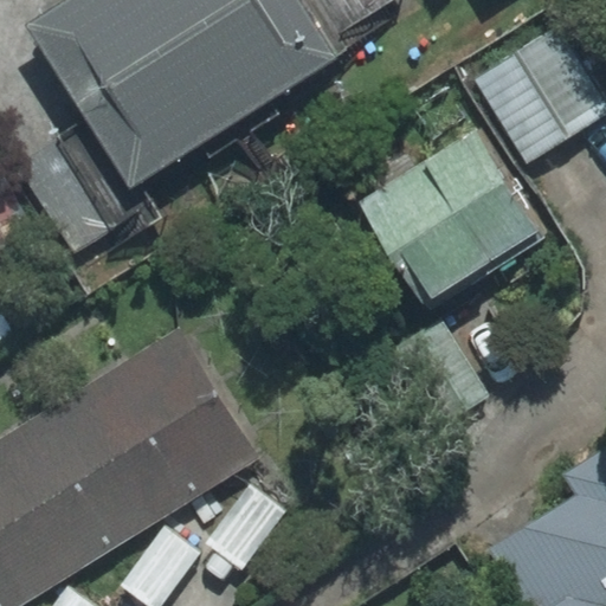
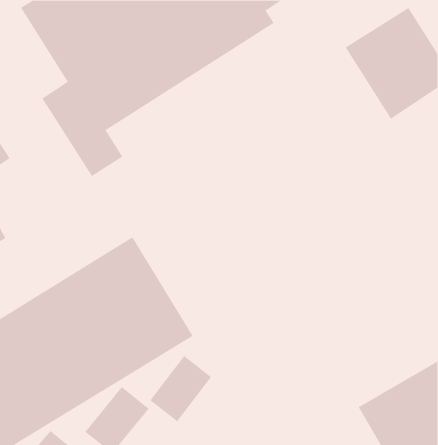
building: [353,122,547,290] -> none

